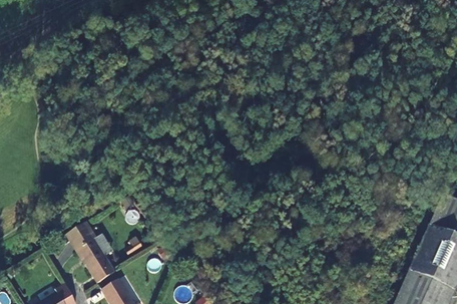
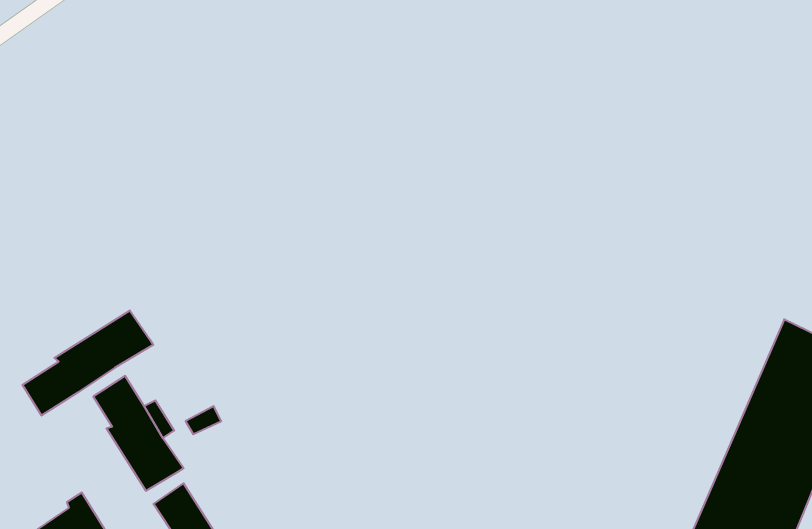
building: none -> [23,310,153,416]

